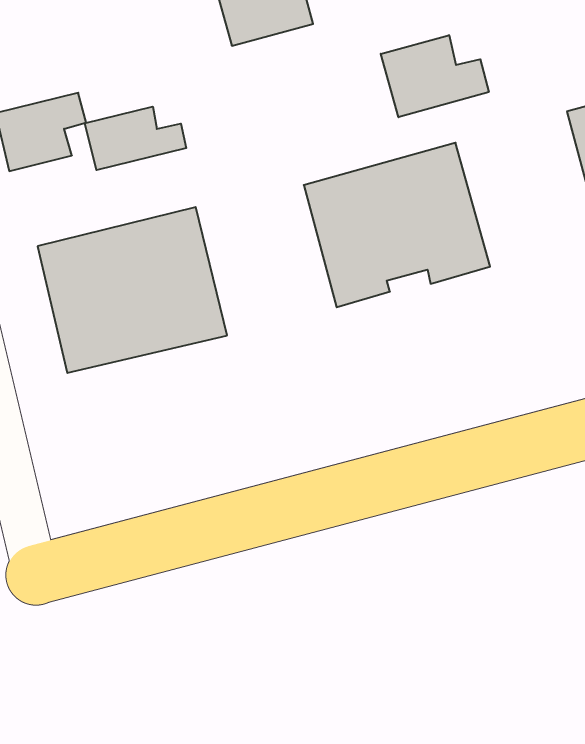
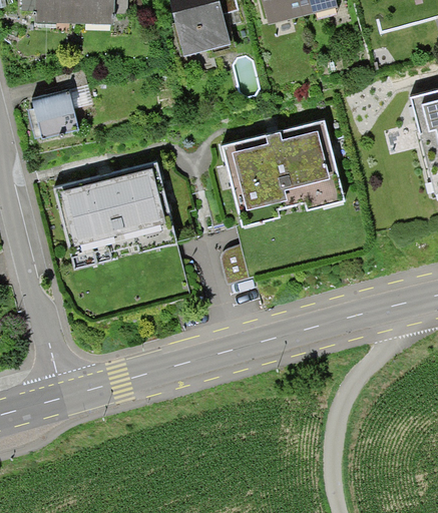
building: [381,35,489,117] -> none
building: [85,107,186,170] -> none

